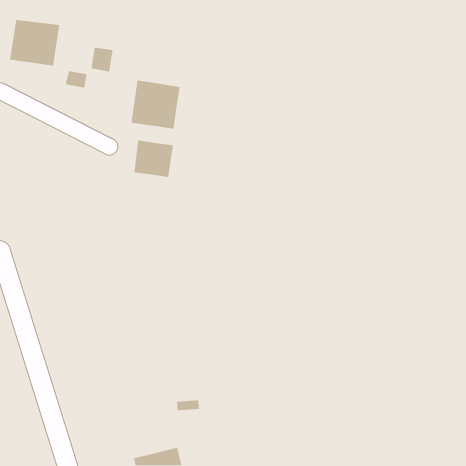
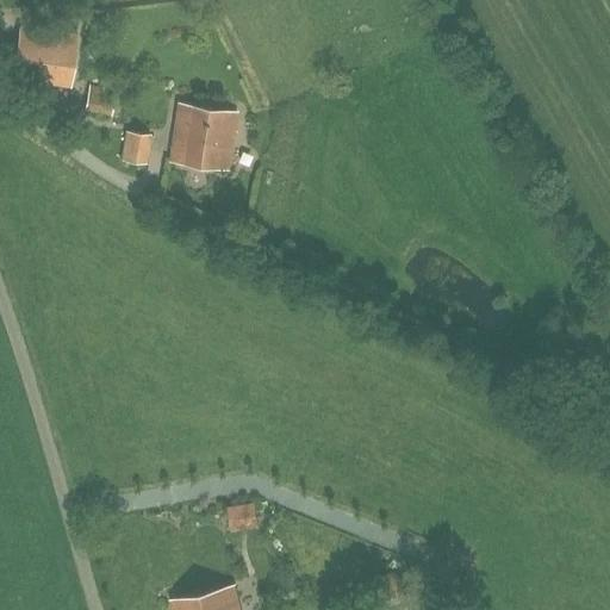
building: [91,47,113,72] -> [122,131,151,164]
building: [133,140,174,178] -> none

